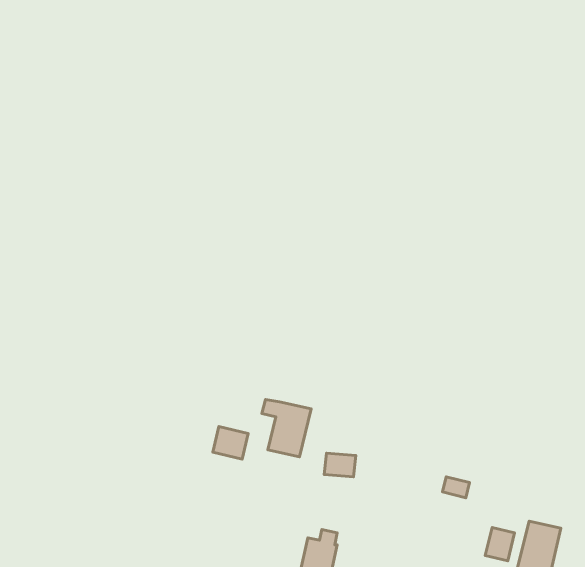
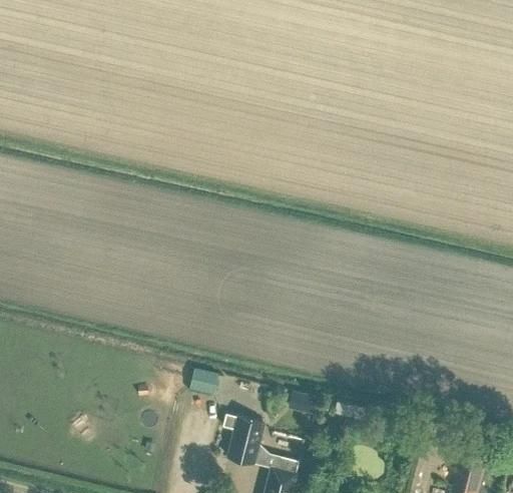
building: [262,399,311,457] -> [221,414,264,463]
building: [485,528,515,561] -> none

